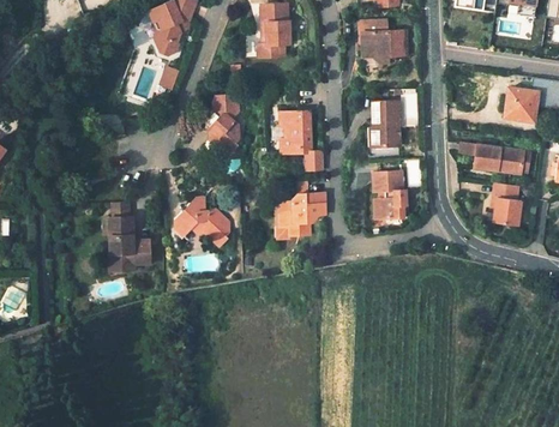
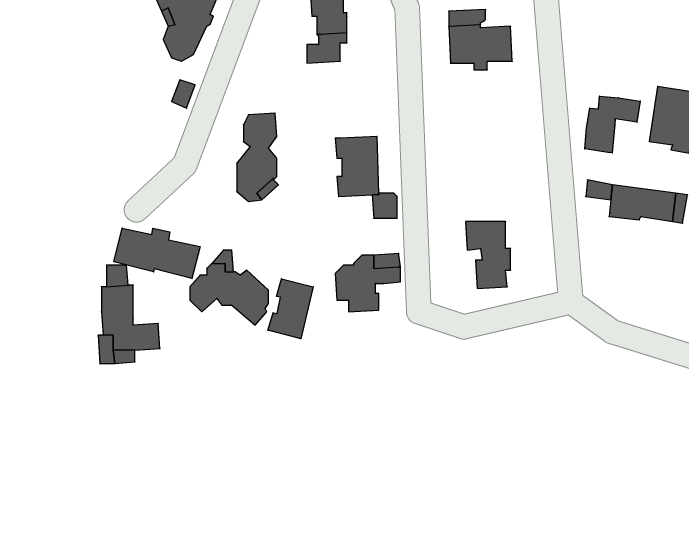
building: none -> [585,96,640,153]
building: [372,101,398,146] -> none
building: none -> [114,228,200,279]
building: [492,182,519,227] -> none
building: none -> [268,279,313,339]

